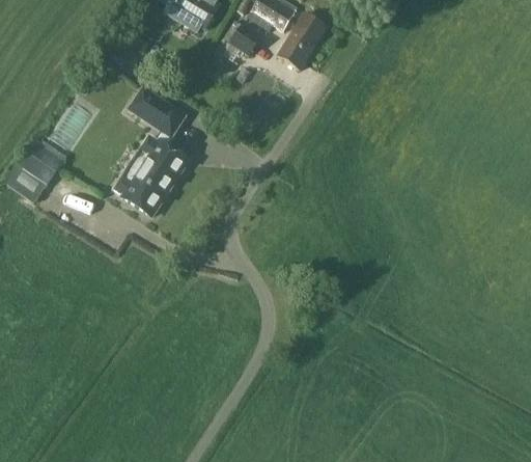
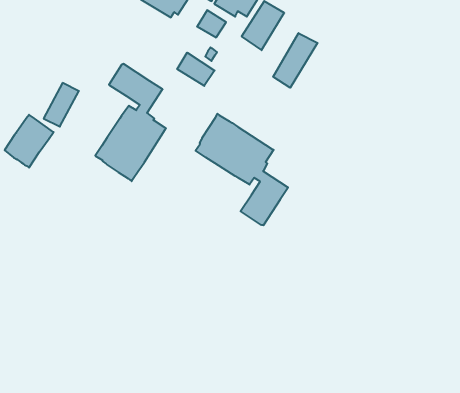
building: none -> [273,33,318,88]
building: none -> [177,53,215,86]
building: none -> [196,114,288,225]

